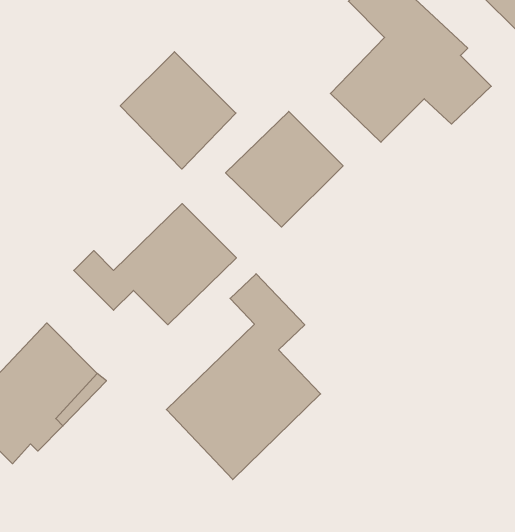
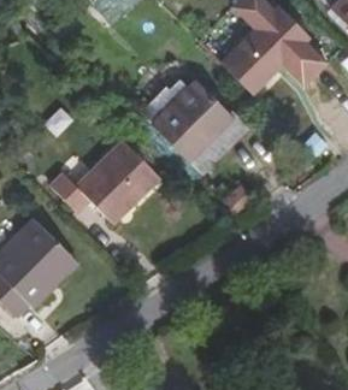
building: [120,52,236,169] -> none
building: [166,274,321,480] -> none

